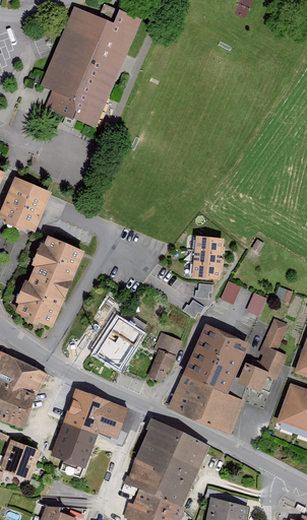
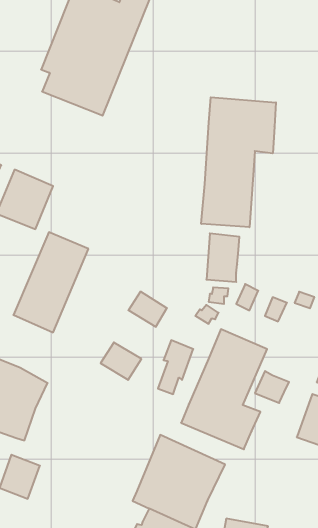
building: none -> [201,97,276,227]
building: [107,318,142,350] -> [128,292,167,327]
building: [253,320,287,380] -> none
building: [52,389,127,467] -> none

